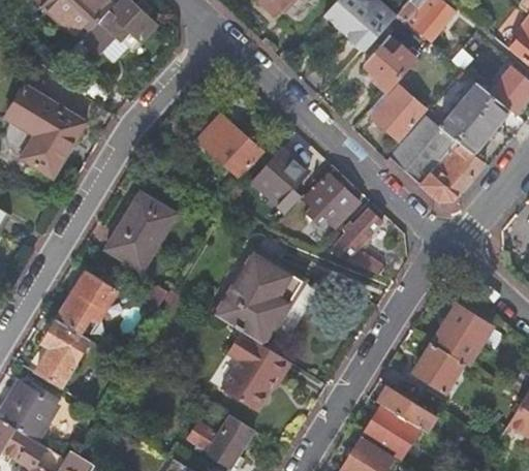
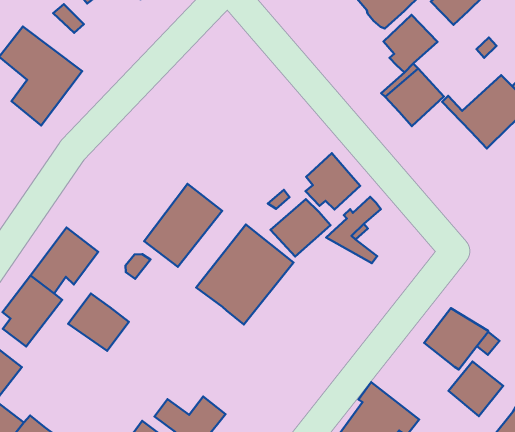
building: [198,115,263,178] -> none
building: [390,116,483,203] -> none
building: [253,151,309,206] -> [271,199,331,257]
building: [107,192,178,271] -> [144,184,222,267]
building: [221,329,288,410] -> none
building: none -> [68,294,129,351]
building: [413,343,464,394] -> [448,362,503,416]

